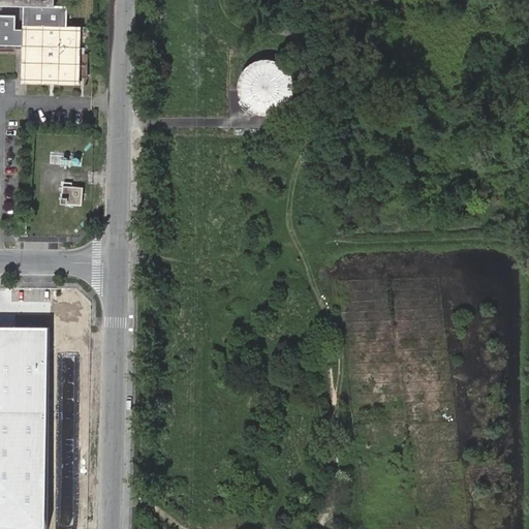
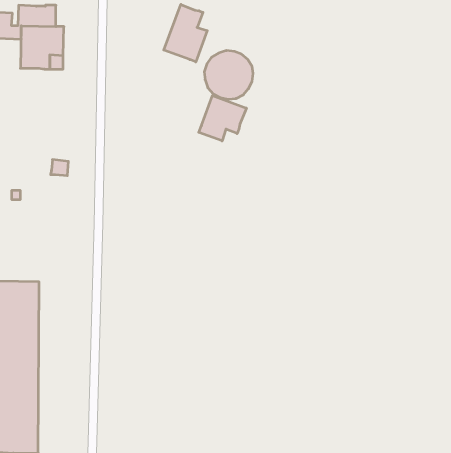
building: none -> [164,4,207,62]
building: none -> [199,96,246,141]

